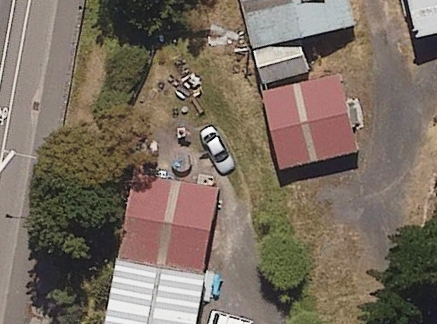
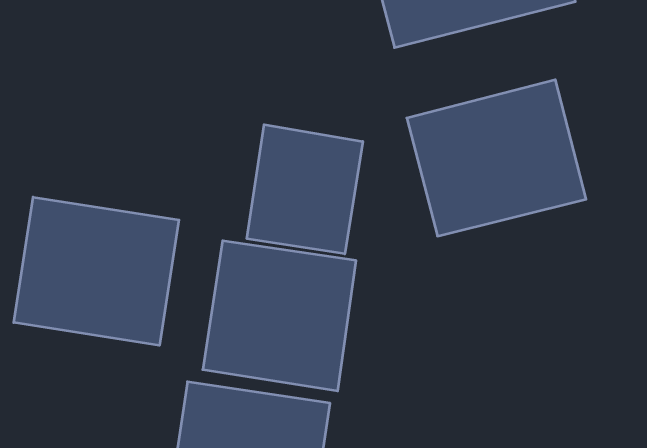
building: none -> [247,125,363,254]
building: none -> [14,197,179,345]

